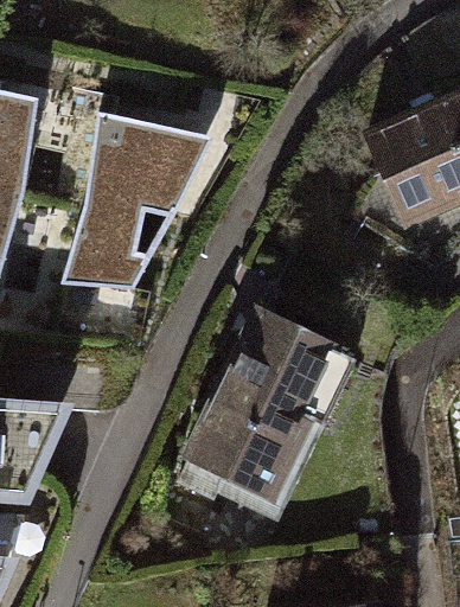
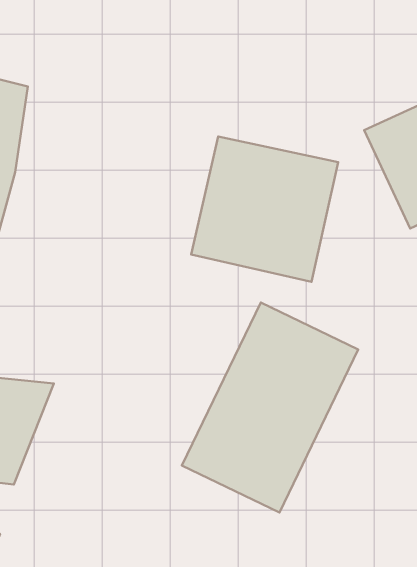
building: [58,109,211,285] -> none
building: none -> [191,136,338,282]

